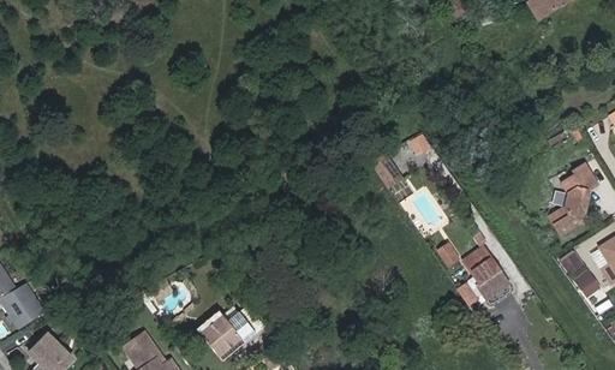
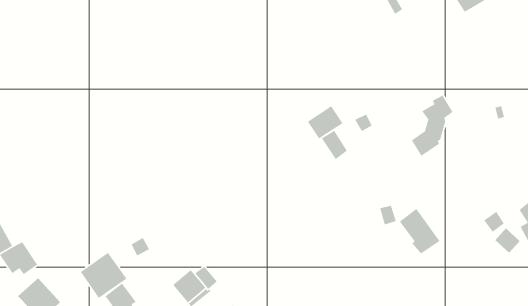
building: none -> [307,105,343,140]
building: [549,163,598,235] -> [411,94,453,157]
building: none -> [80,252,128,299]

